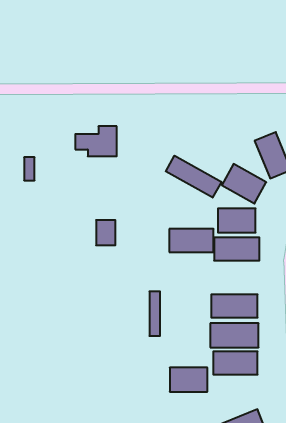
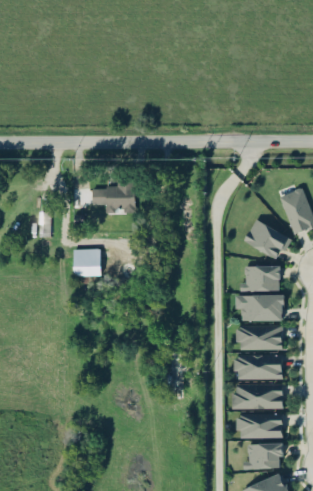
building: [166,156,221,198] -> none
building: [96,220,115,245] -> [76,258,96,284]
building: [169,229,214,252] -> [236,326,282,350]
building: [170,368,207,392] -> [245,444,284,469]

